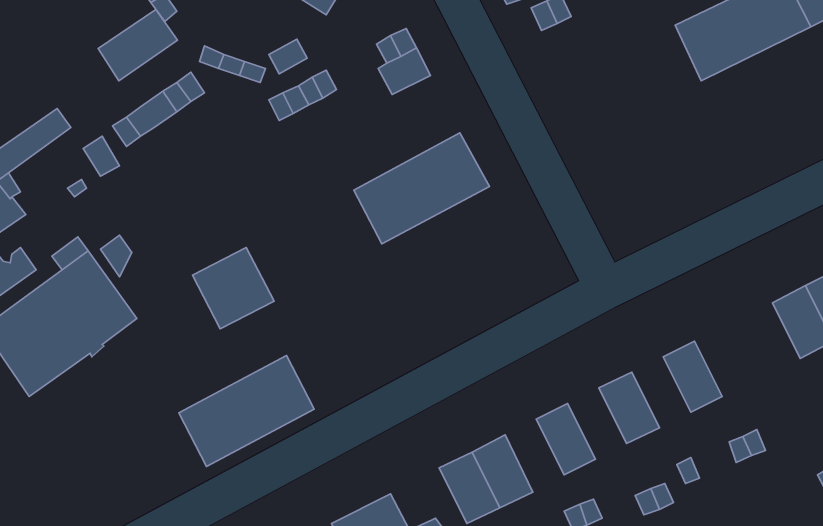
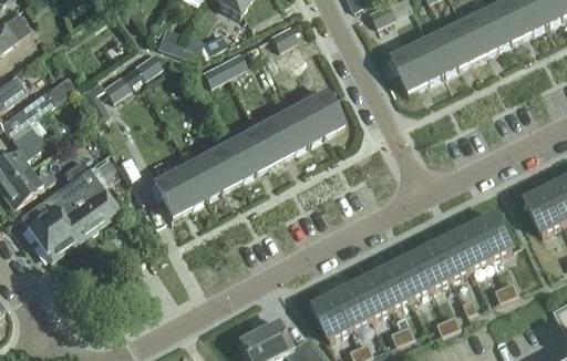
building: [98,9,178,81] -> none
building: none -> [391,22,477,91]
building: none -> [473,213,512,259]
building: [179,355,314,467] -> [187,127,274,198]
building: none -> [433,234,471,279]
building: none -> [392,254,430,299]
building: none -> [352,274,390,320]

